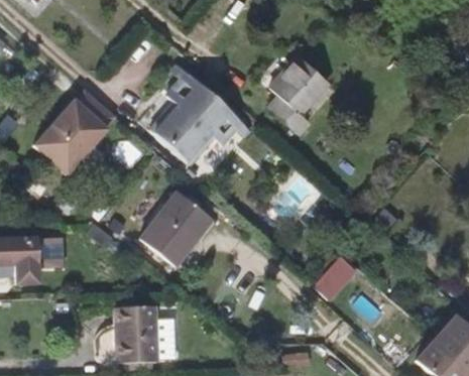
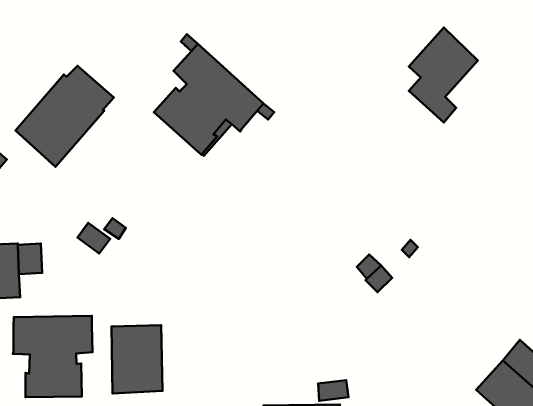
building: [269,53,327,132] -> [409,28,478,123]
building: [143,195,214,268] -> none
building: none -> [13,316,93,397]

